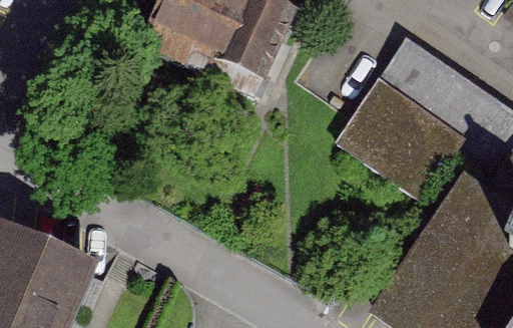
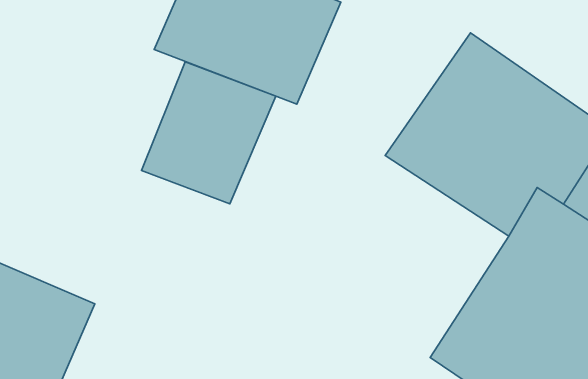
building: none -> [141,62,276,204]

